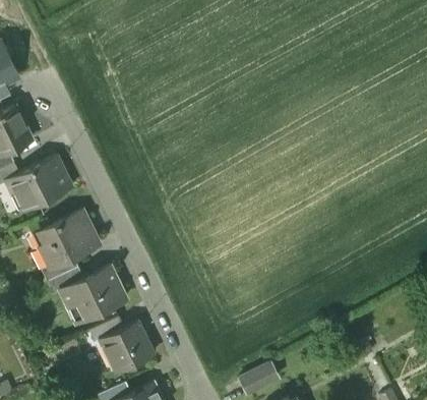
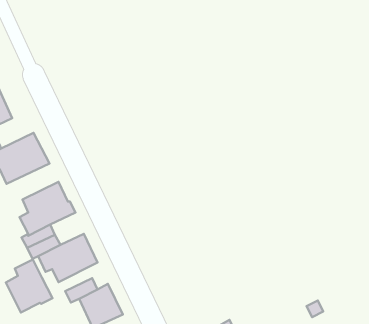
building: none -> [6,259,52,313]

